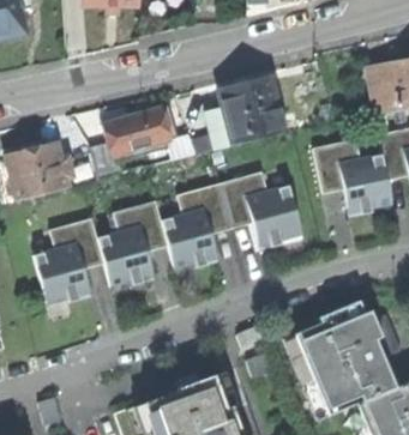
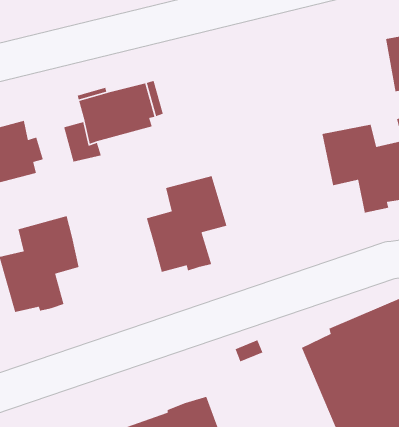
building: [207,78,284,151] -> none
building: [218,175,302,253] -> none
building: [97,205,168,290] -> none

